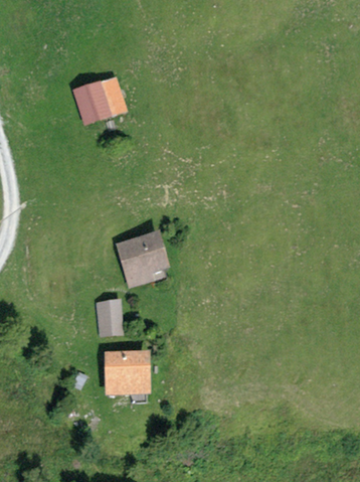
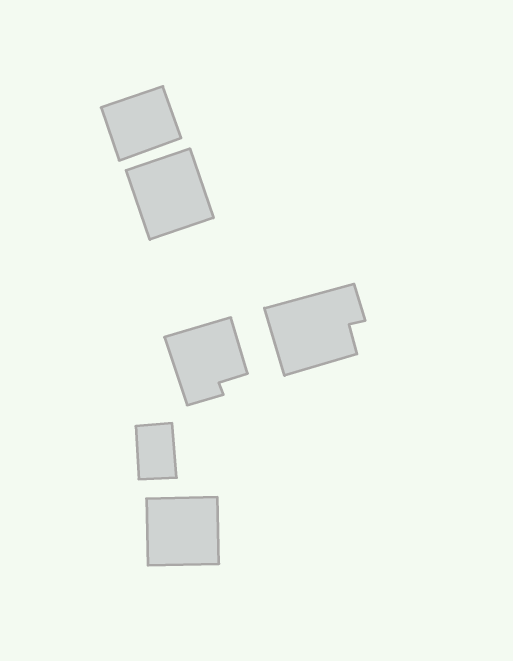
building: none -> [126,149,213,240]
building: none -> [264,284,365,376]

